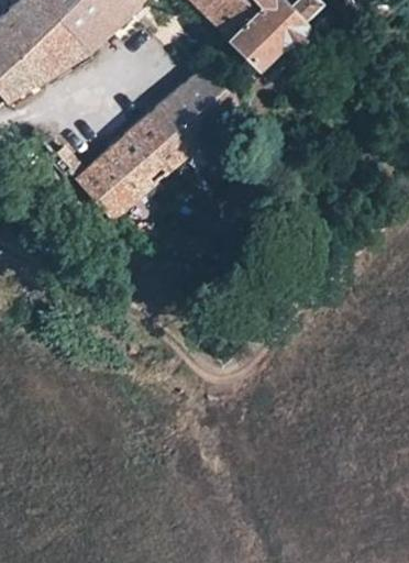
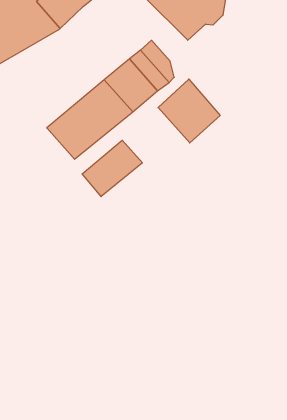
building: none -> [158,79,220,143]
building: none -> [82,140,142,197]

